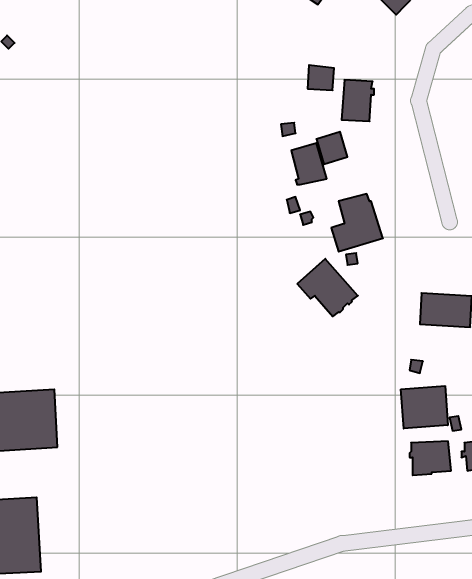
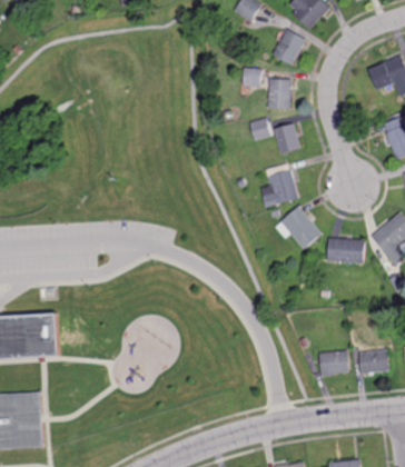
building: none -> [271,29,305,64]
building: [291,143,327,185] -> [274,123,300,155]
building: [297,259,358,316] -> [276,207,322,250]
building: [401,386,448,429] -> none

